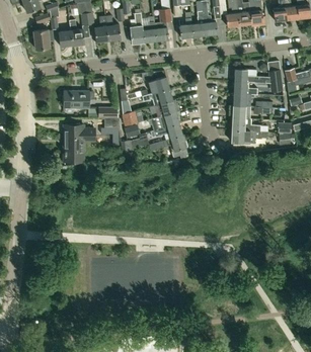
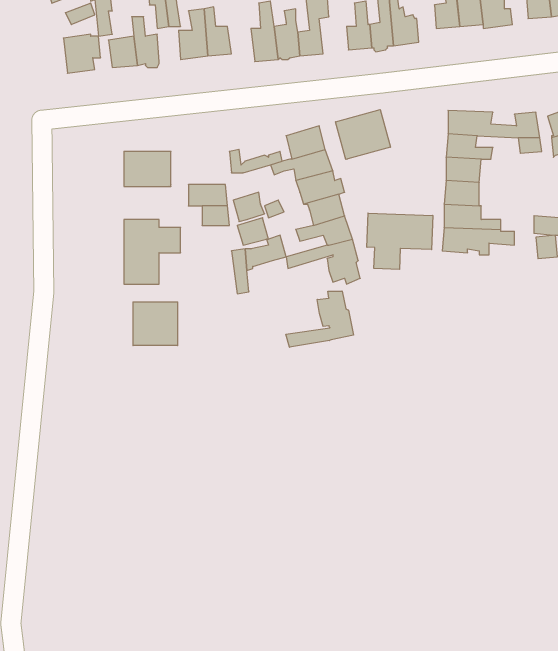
building: none -> [336,110,390,159]
building: none -> [367,213,433,269]
building: none -> [286,291,353,347]
building: none -> [133,302,178,346]

